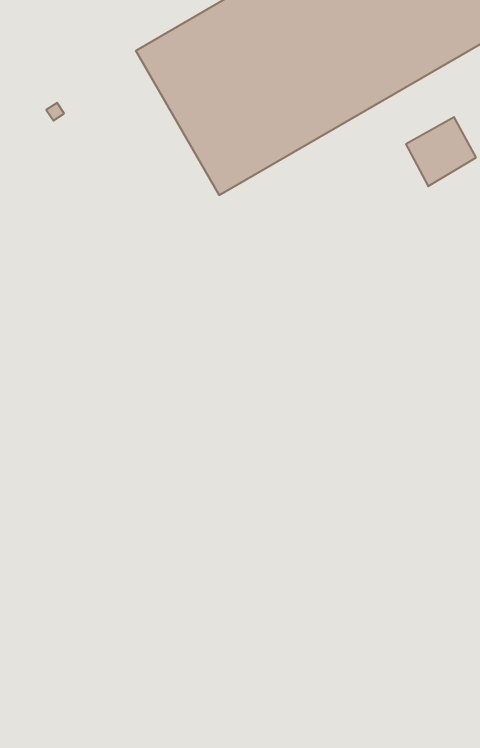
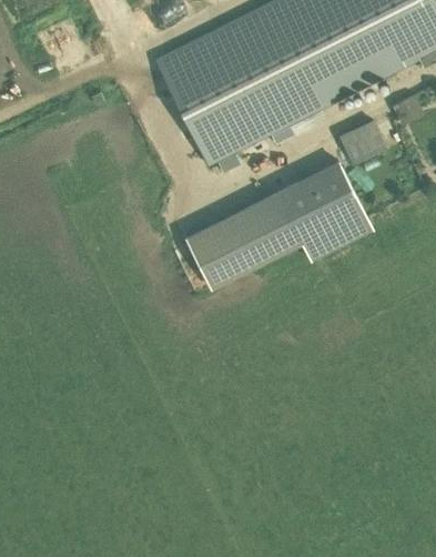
building: none -> [184,159,374,288]

